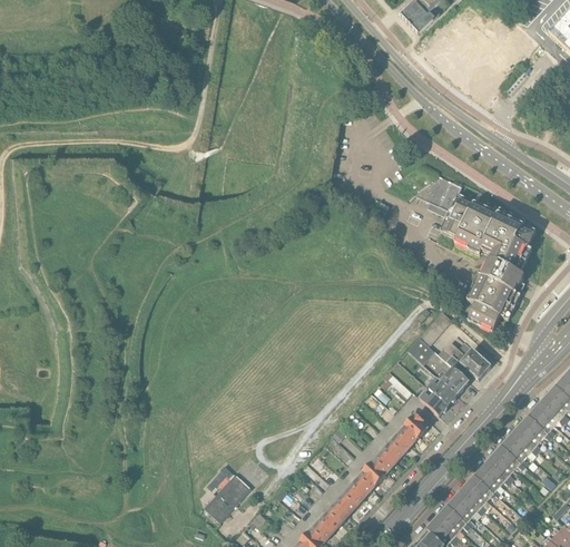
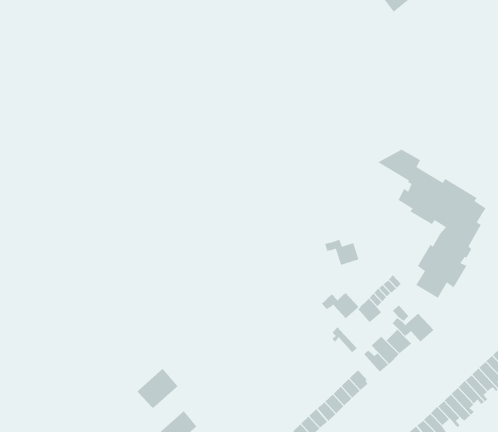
building: none -> [324,239,360,266]
building: none -> [321,292,359,319]
building: none -> [136,368,178,409]

